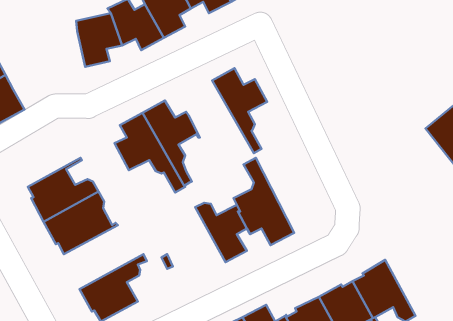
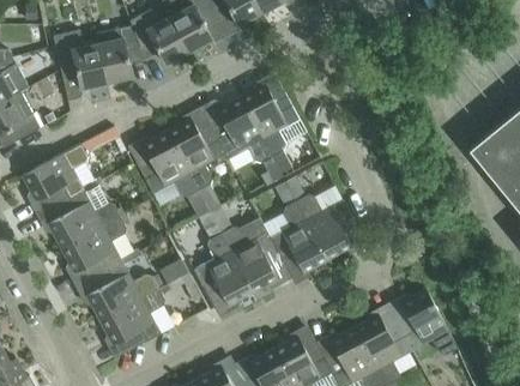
building: none -> [53,30,105,89]
building: none -> [216,97,285,192]
building: none -> [22,144,101,211]
building: none -> [288,176,355,260]
building: none -> [194,211,255,306]
building: none -> [83,252,188,320]

